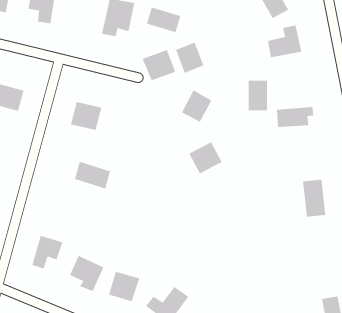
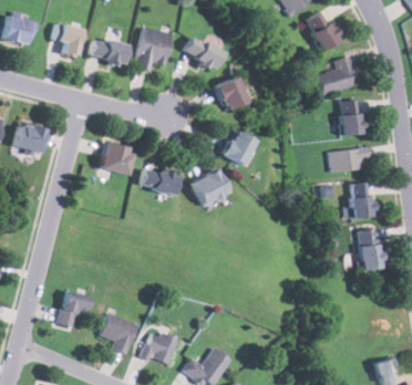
building: none -> [89,37,130,65]
building: [142,49,176,81] -> none
building: [248,80,268,111] -> [341,101,363,135]
building: none -> [349,181,375,219]
building: [189,141,223,174] -> [193,169,230,206]
building: [74,161,111,189] -> [140,166,181,197]

